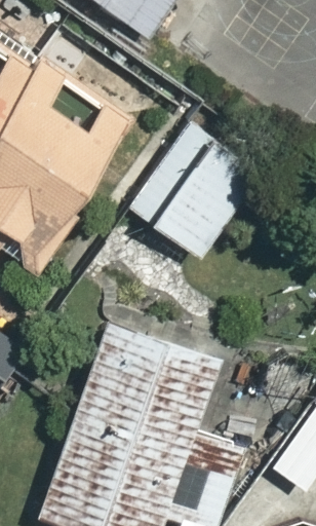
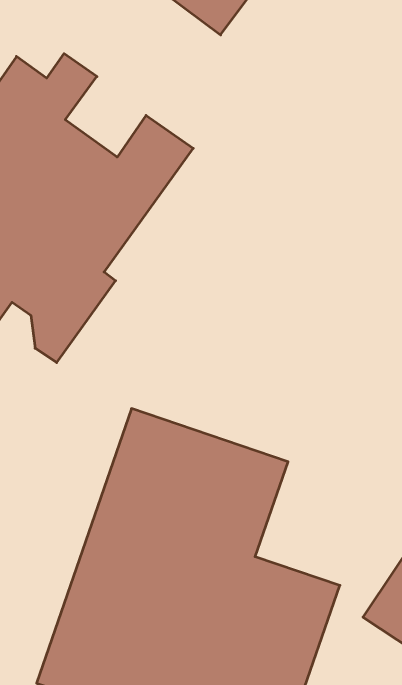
building: [124,120,256,255] -> none

